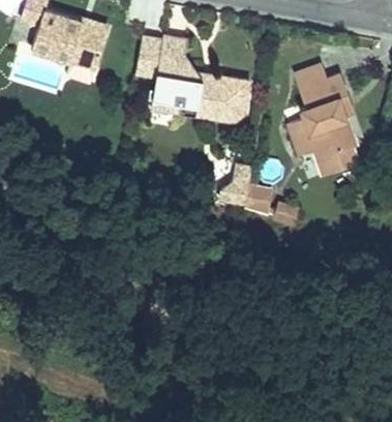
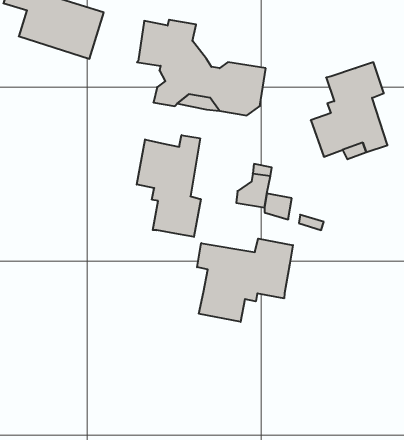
building: none -> [137,135,201,237]
building: none -> [197,239,293,322]

